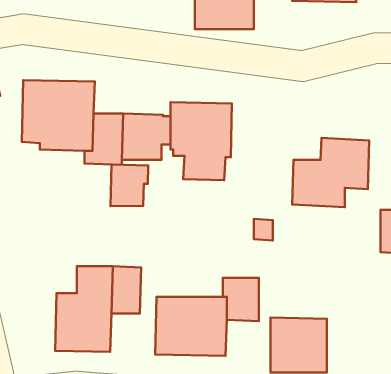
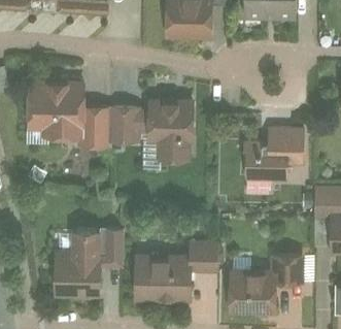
building: [111,165,148,206] -> none
building: none -> [271,255,302,285]

